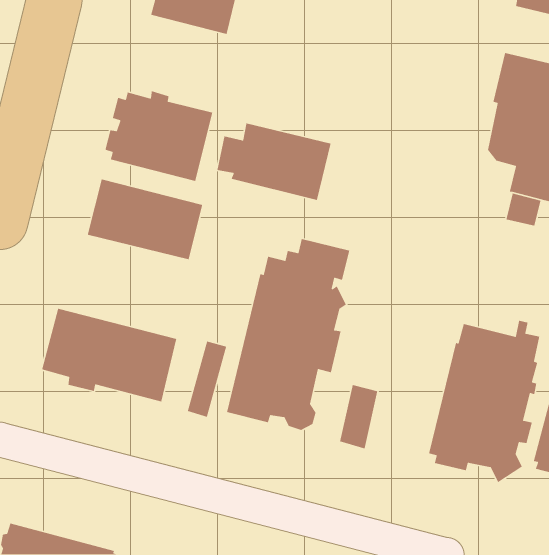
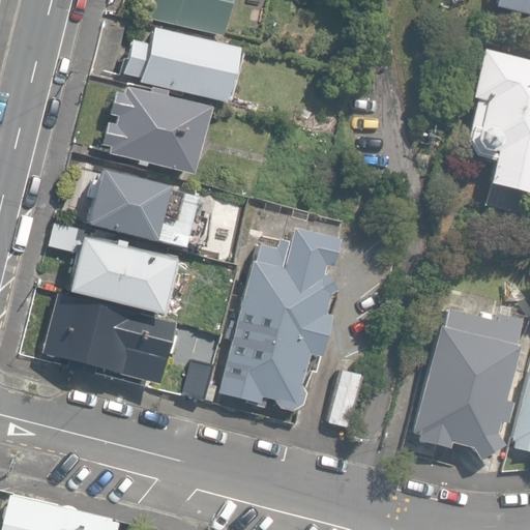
building: [216,123,332,201] -> [126,28,236,102]
building: none -> [52,222,174,314]

